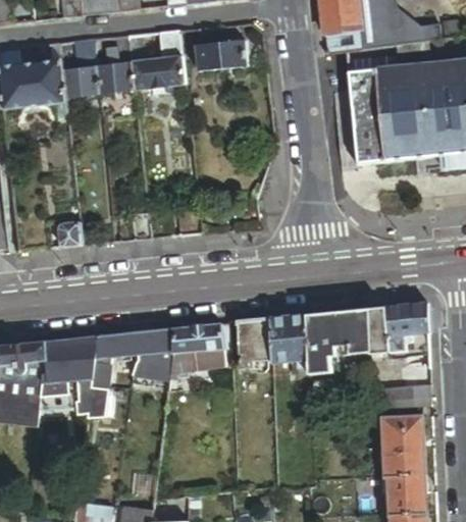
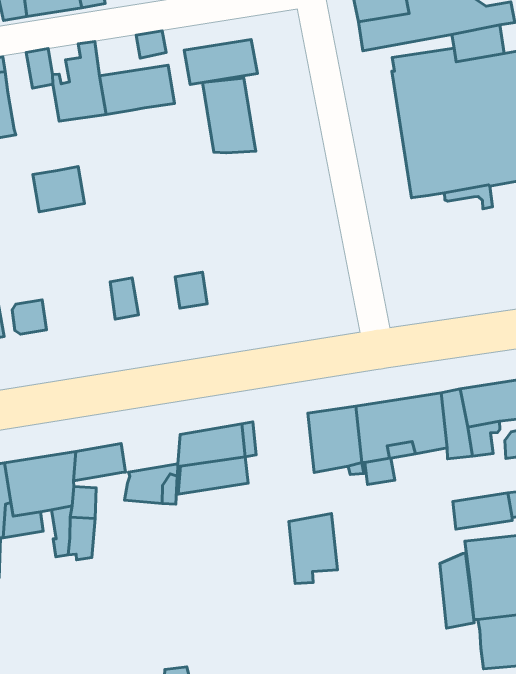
building: [62,64,99,96] -> [33,166,84,212]
building: none -> [203,78,256,153]
building: [238,317,271,367] -> [289,513,337,584]
building: [131,327,174,353] -> none
building: none -> [440,553,474,628]

